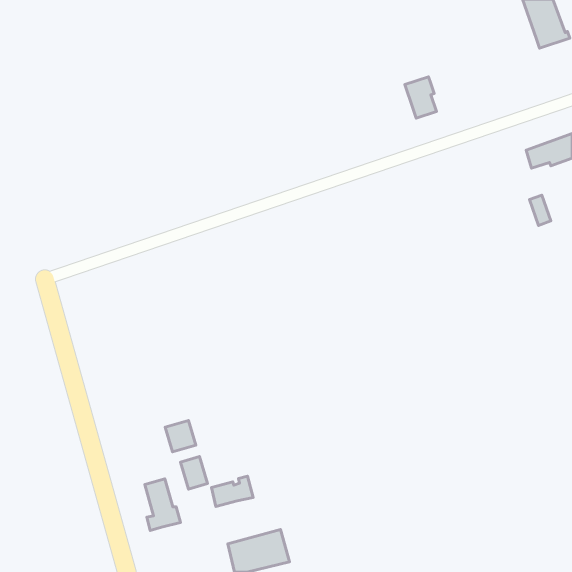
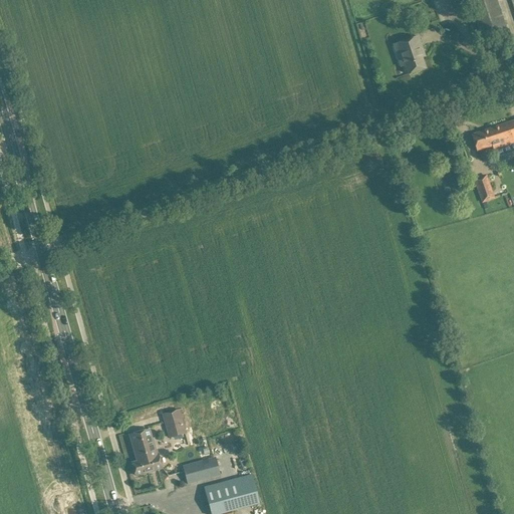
building: [405,77,436,118] -> [397,36,425,73]
building: [165,420,196,452] -> none
building: [212,476,253,507] -> [183,456,220,483]

